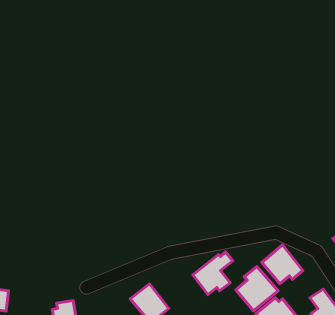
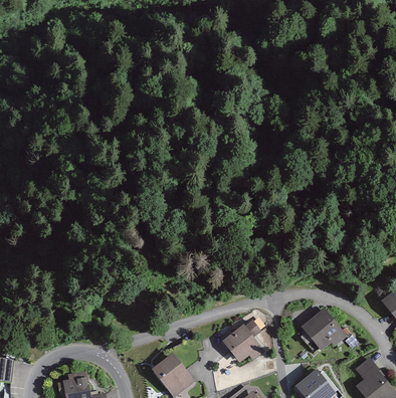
building: [236,266,278,311] -> none

